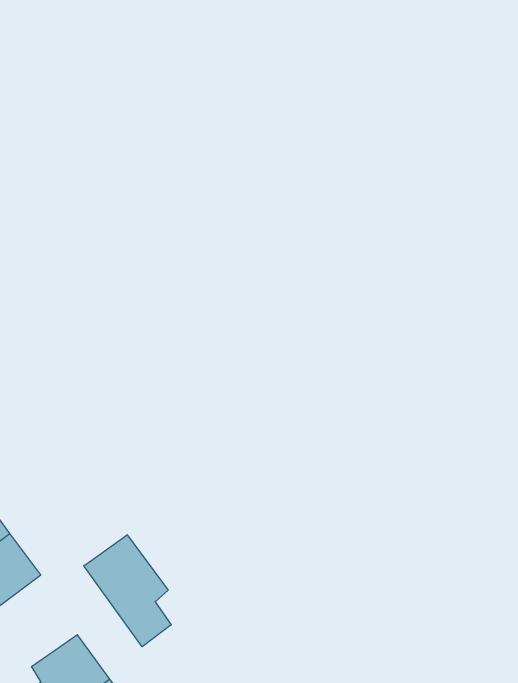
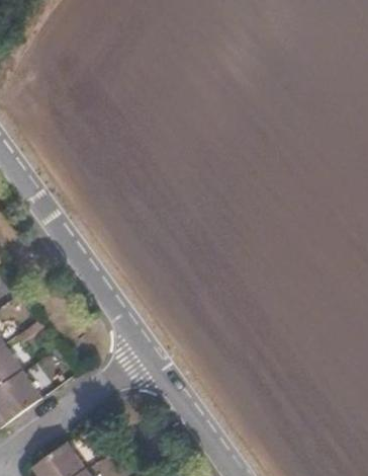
building: [84,535,171,647] -> none

